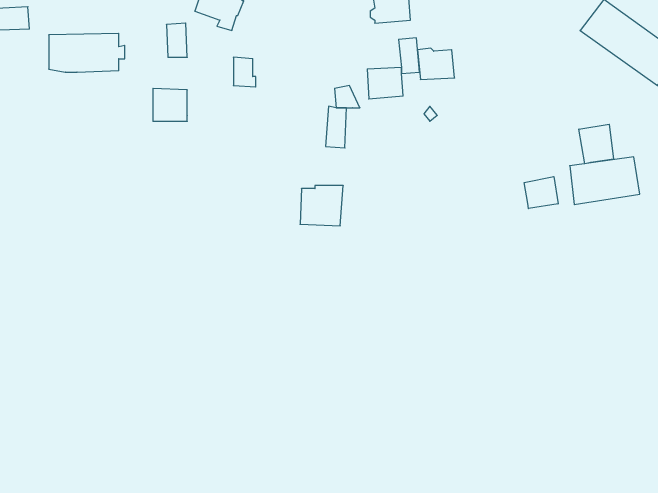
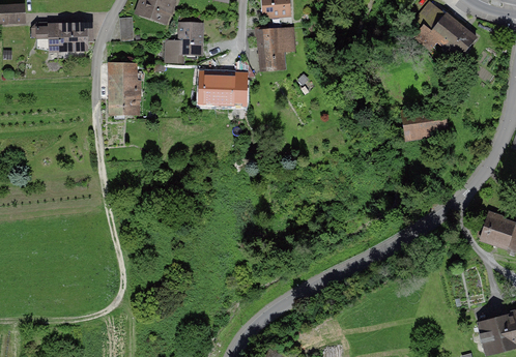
building: none -> [180,23,203,54]
building: [417,48,455,79] -> [258,27,284,49]
building: none -> [111,85,138,115]
building: [579,124,613,164] -> none
building: [524,177,558,209] -> none
building: [300,186,343,226] -> [203,75,233,102]

